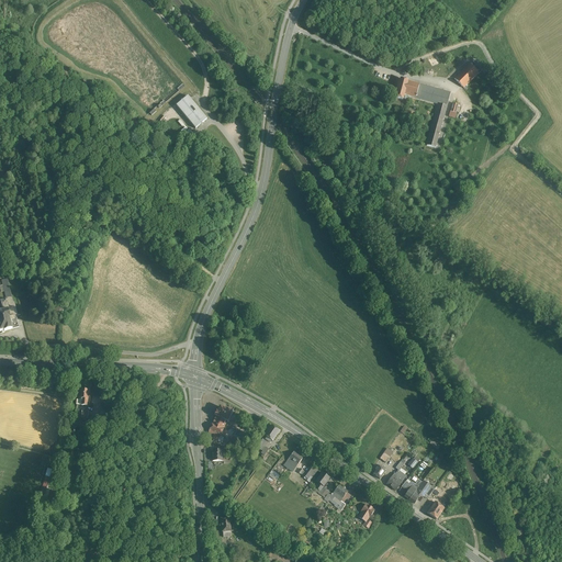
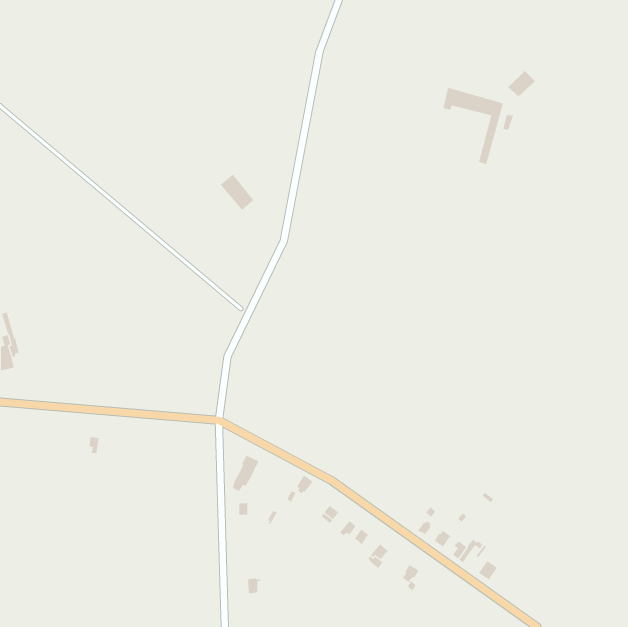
building: [176,95,206,128] -> [220,174,254,211]

